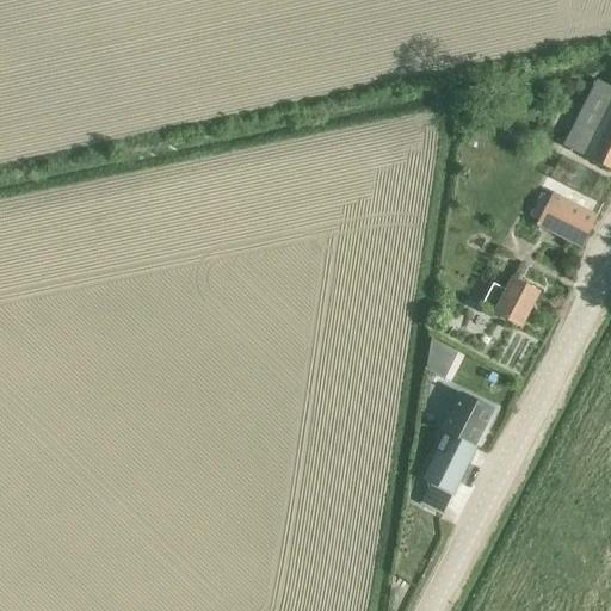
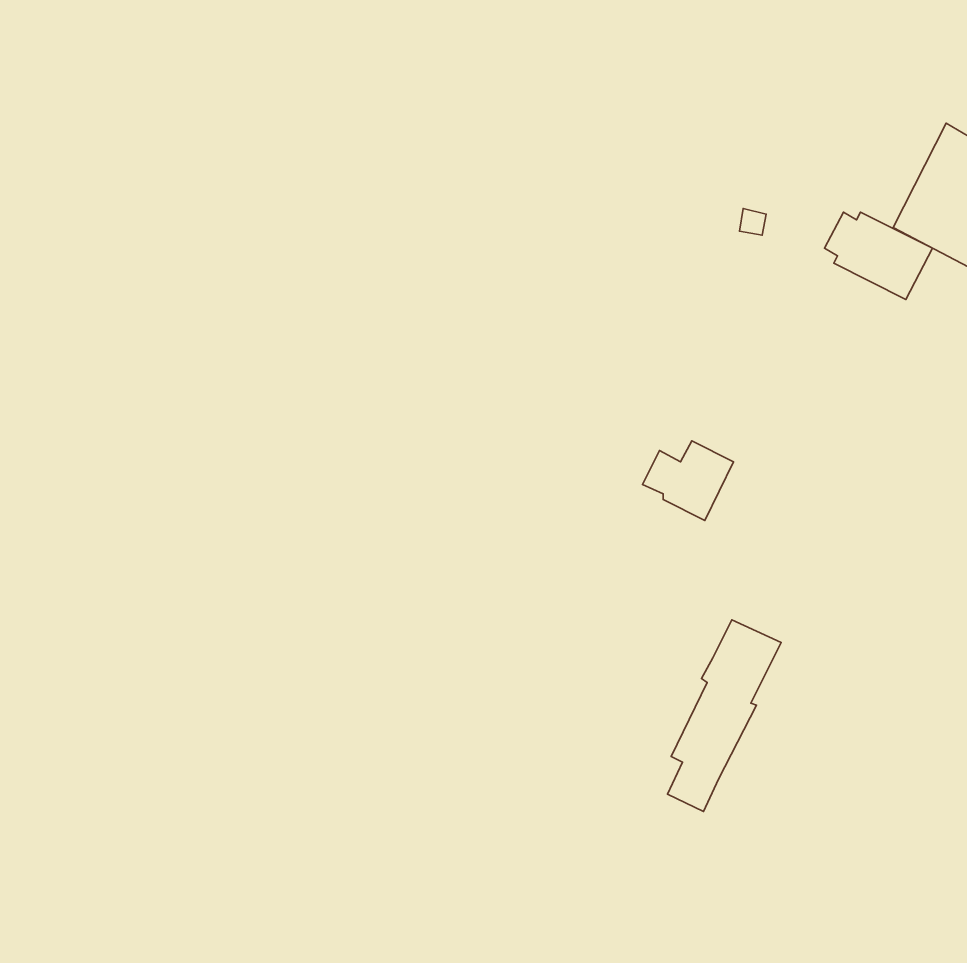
building: [530,191,598,246] -> [824,212,932,299]
building: [482,276,539,326] -> [642,441,733,521]

